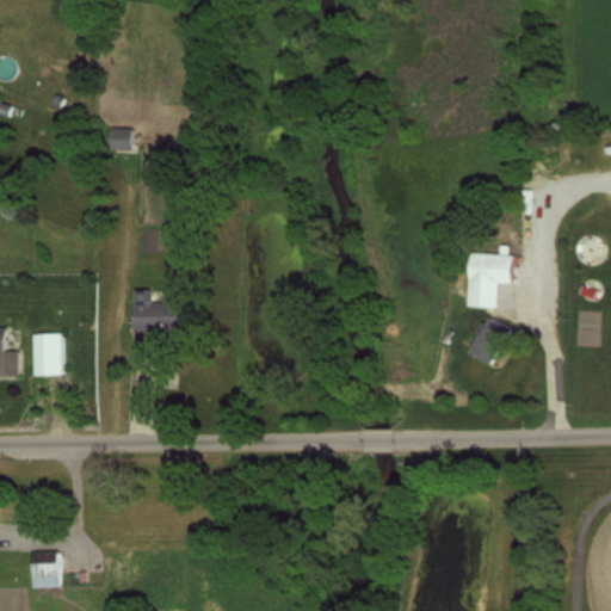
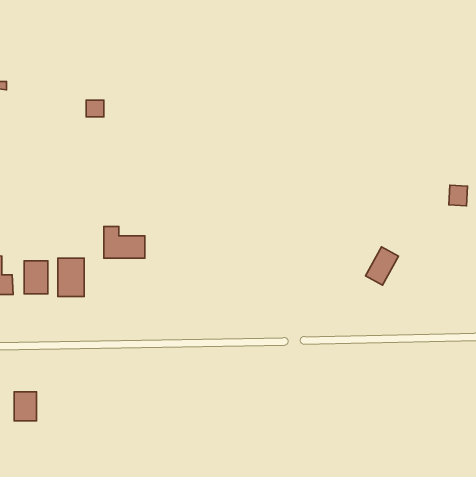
building: [468,253,511,308] -> none
building: none -> [58,258,84,297]
building: [29,551,57,588] -> [14,392,37,421]

